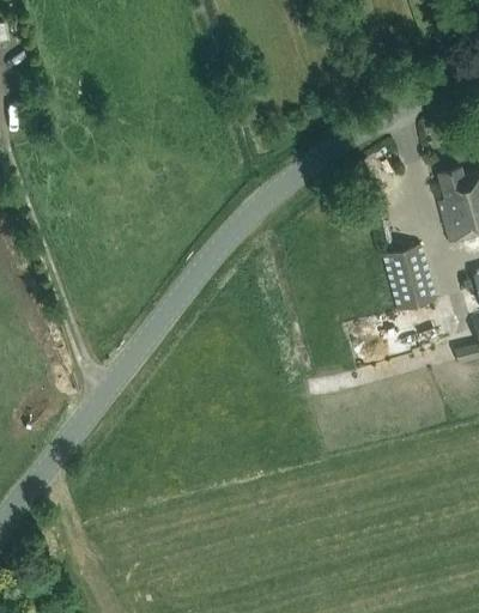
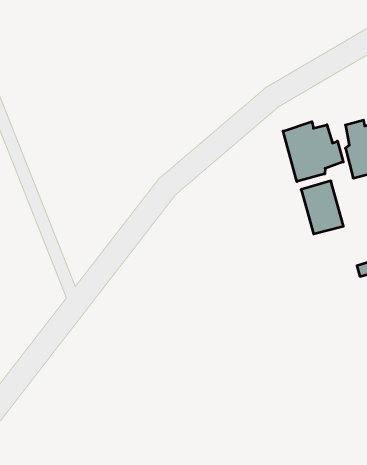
building: none -> [283,122,343,182]

